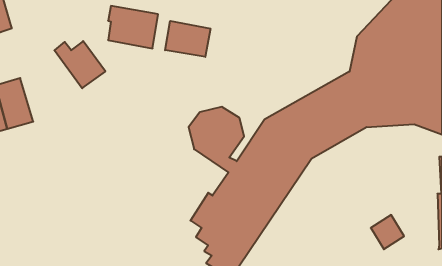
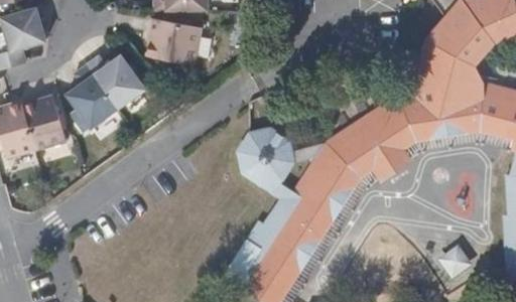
building: [165,21,210,57] -> none
building: none -> [68,64,121,127]

